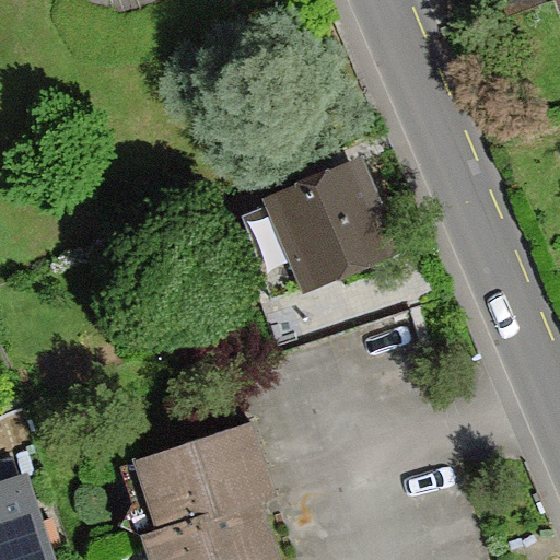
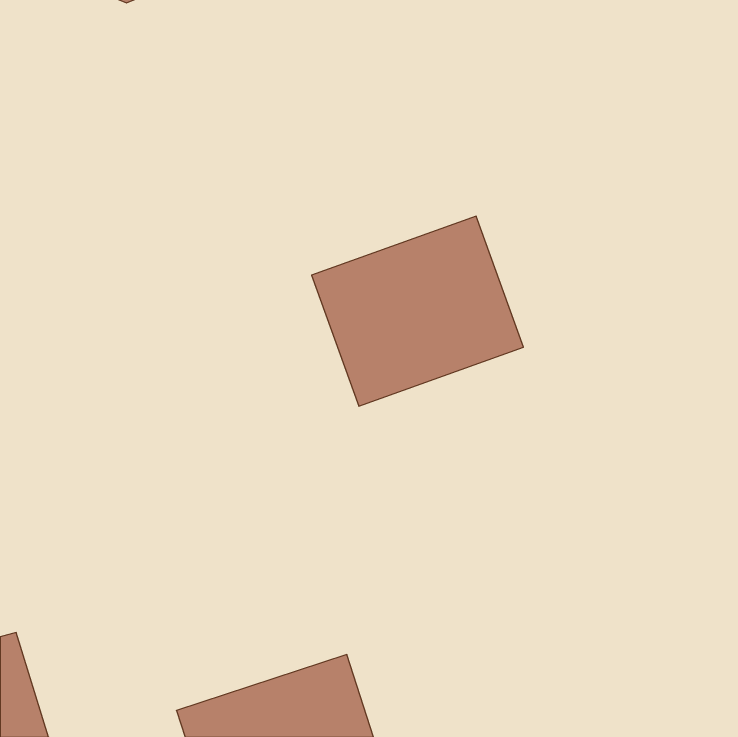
building: [120,423,268,528] -> none

